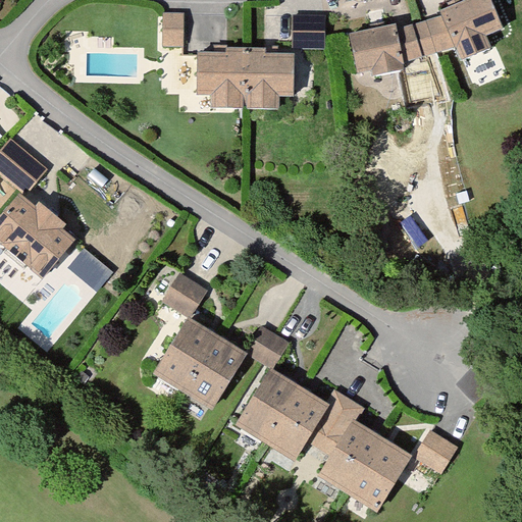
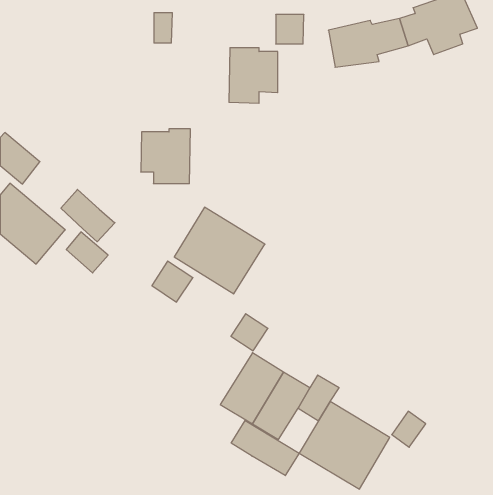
building: [194,50,246,107] -> [141,129,190,184]
building: none -> [61,189,115,242]
building: [153,318,248,409] -> [174,207,265,294]
building: none -> [231,421,299,476]

